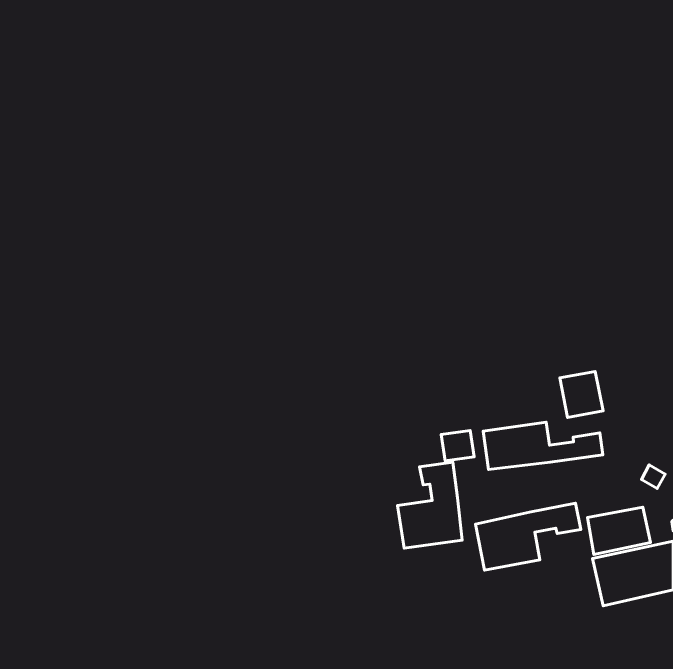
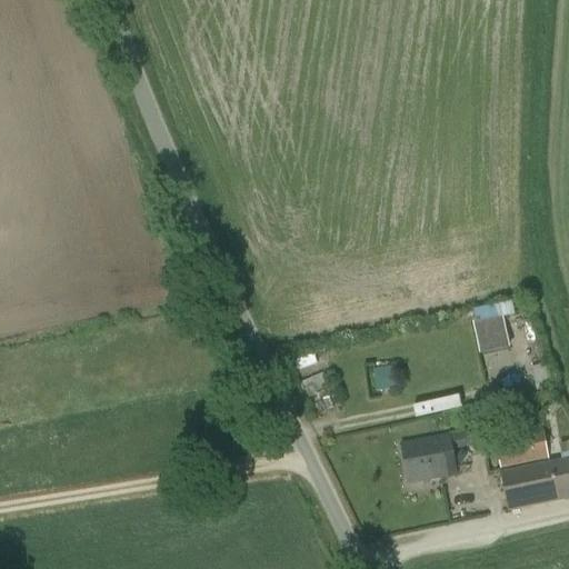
building: [483,422,603,470] -> none
building: [398,462,462,548] -> none

